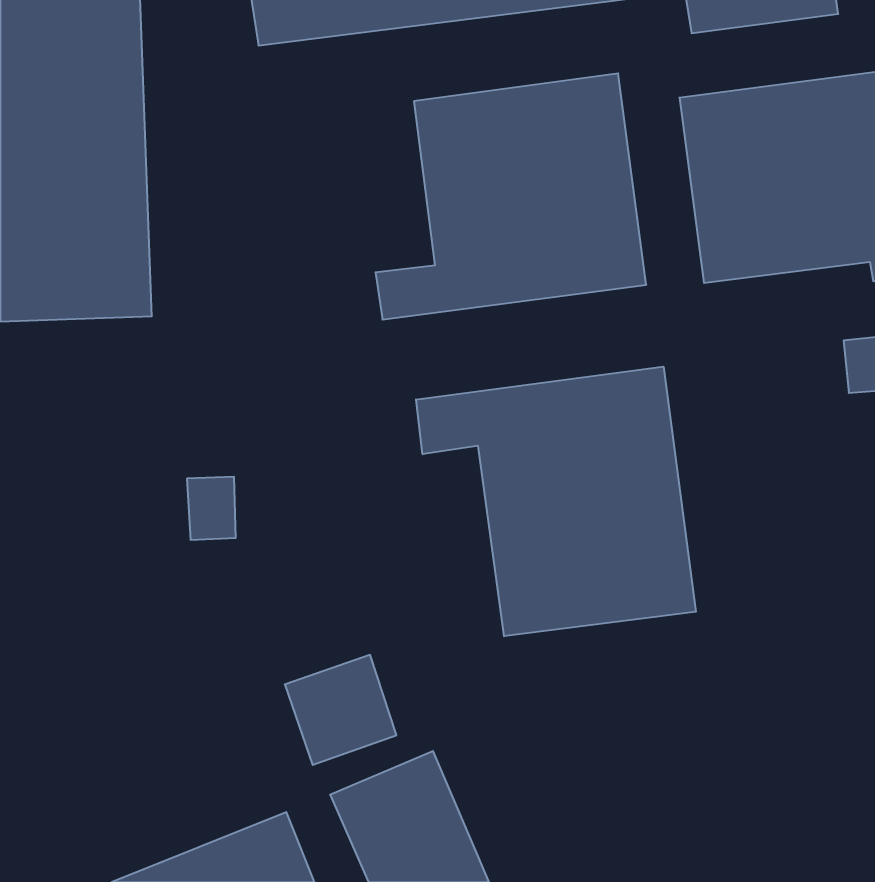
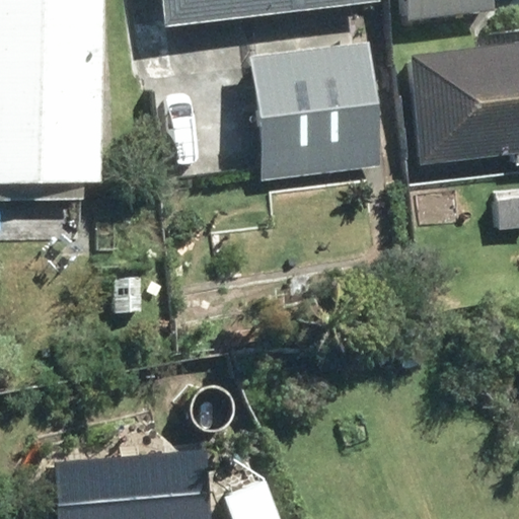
building: [416,367,696,636] -> none

